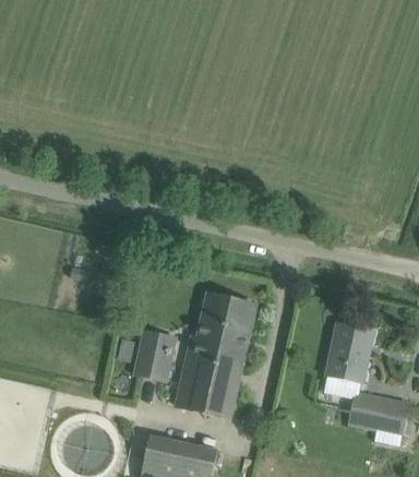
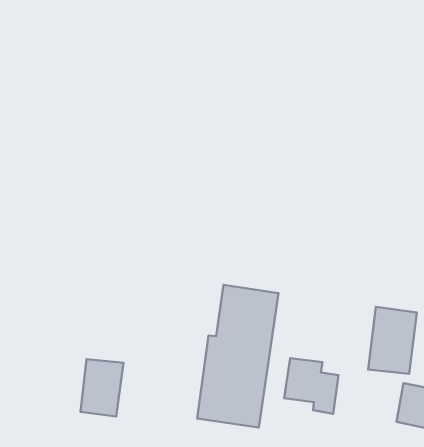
building: [134,330,175,381] -> [80,359,123,416]
building: none -> [284,358,338,414]

